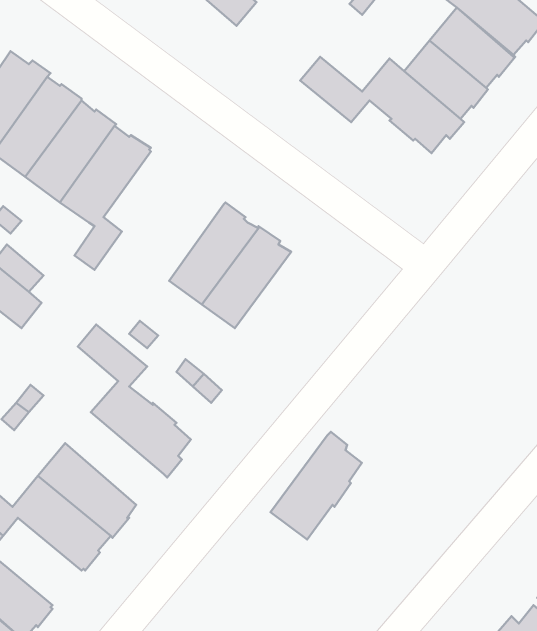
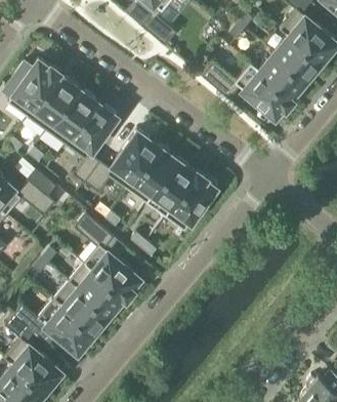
building: none -> [86,131,159,194]
building: none -> [70,264,125,317]
building: [271,432,362,539] -> [165,171,216,232]

